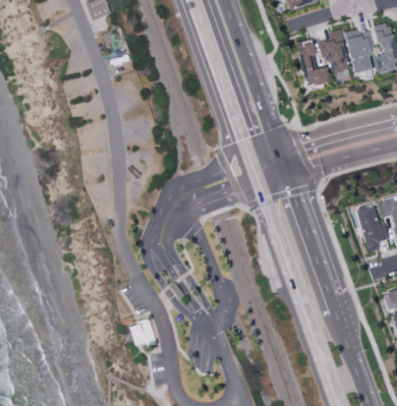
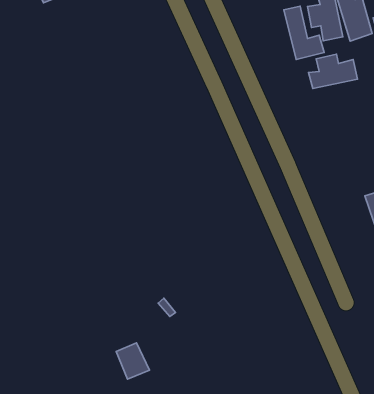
building: none -> [309,54,358,89]

